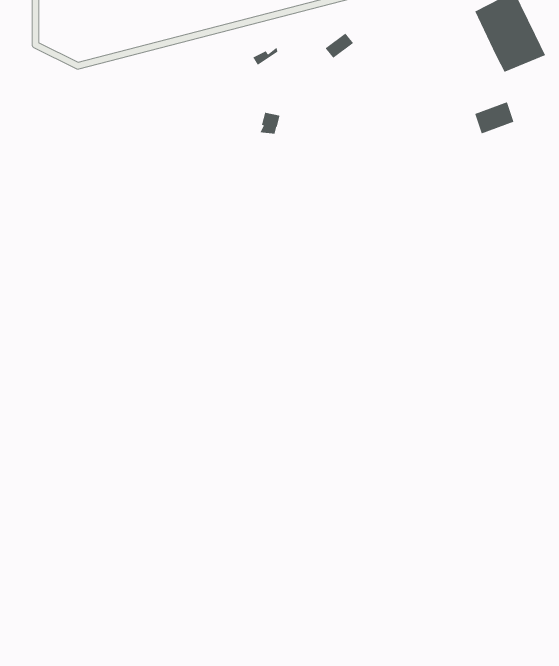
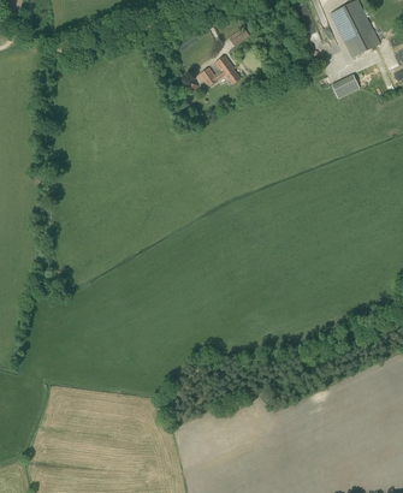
building: none -> [197,55,239,88]

